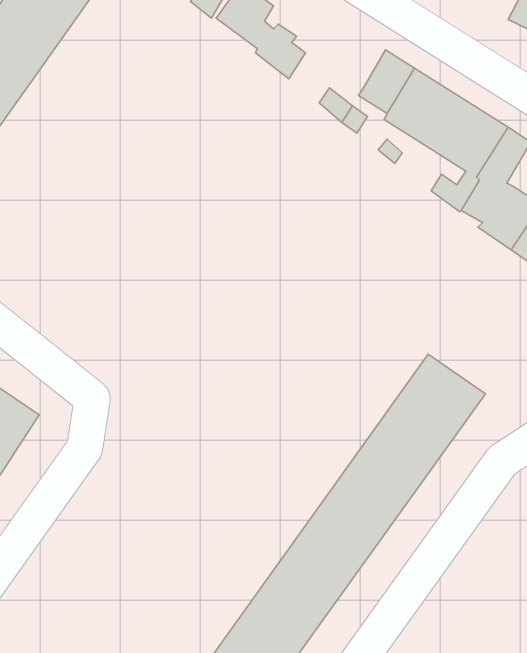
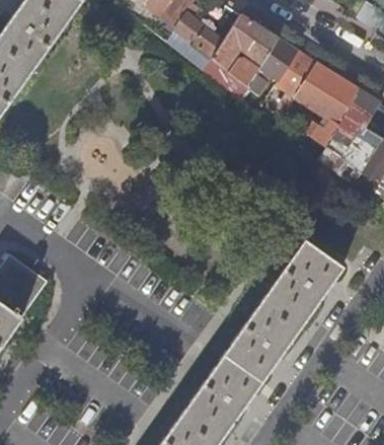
building: none -> [212,15,277,69]

